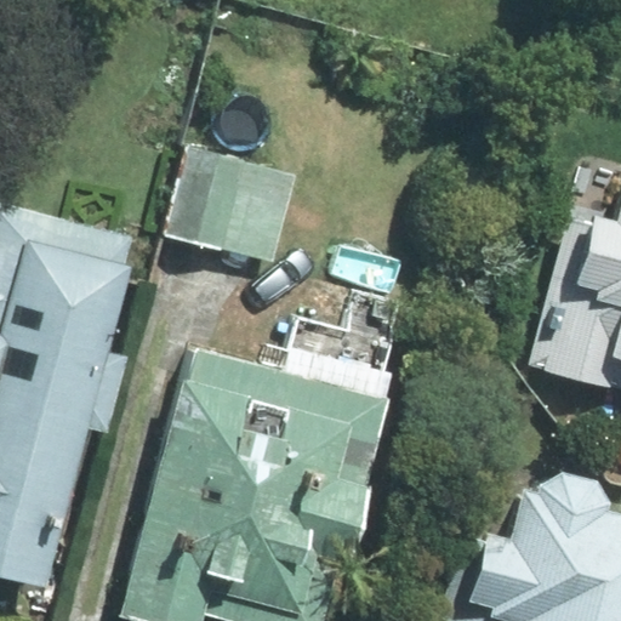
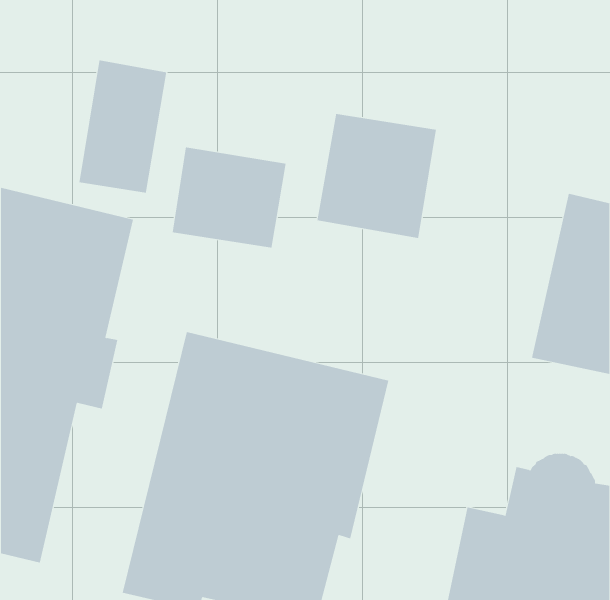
building: none -> [79,59,167,194]
building: none -> [317,113,437,239]

